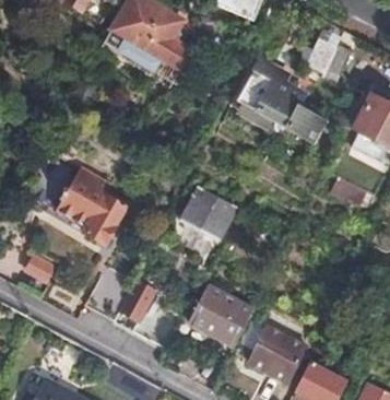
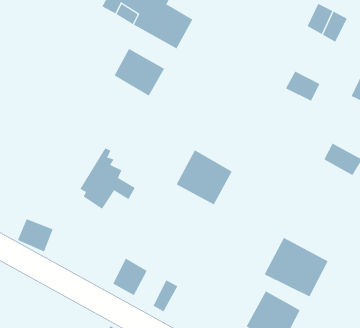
building: [239,57,297,119] -> none
building: none -> [114,48,165,96]
building: [59,167,108,223] -> none
building: [189,283,253,343] -> [264,237,328,297]

